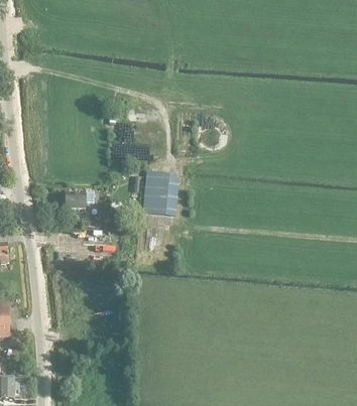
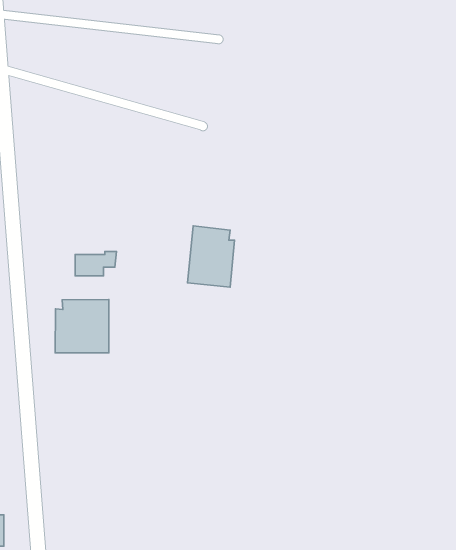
building: none -> [55,299,109,353]

